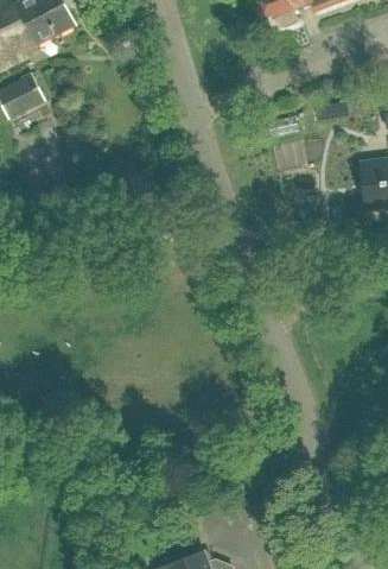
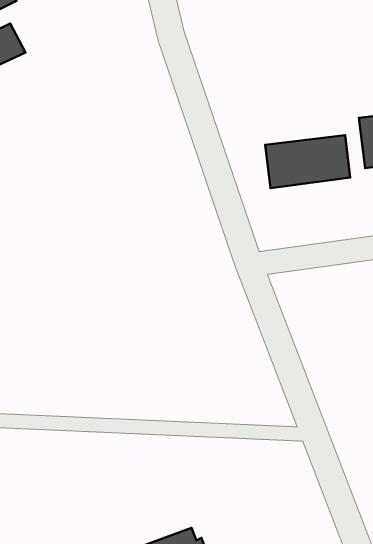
building: none -> [265,135,350,188]

